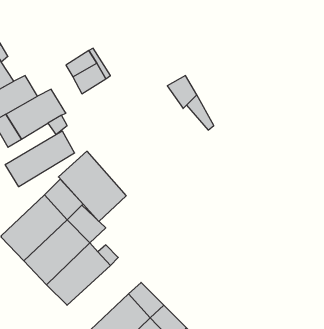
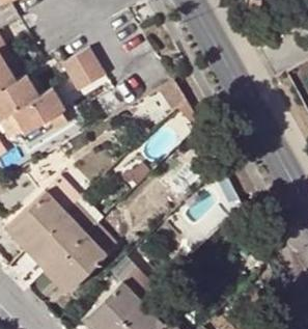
building: [5,131,75,187] -> none
building: [58,151,126,221] -> none

